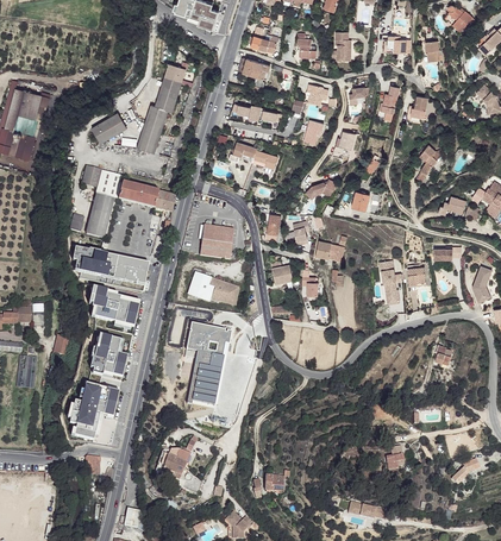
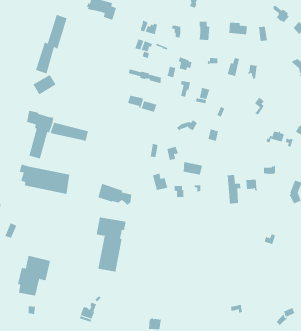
building: [138,62,186,151] -> [35,14,67,74]
building: [199,224,233,258] -> none
building: [88,282,139,326] -> none
building: [90,331,127,376] -> none

